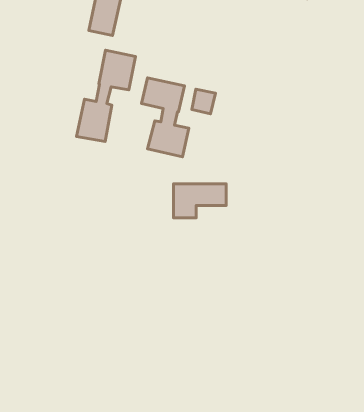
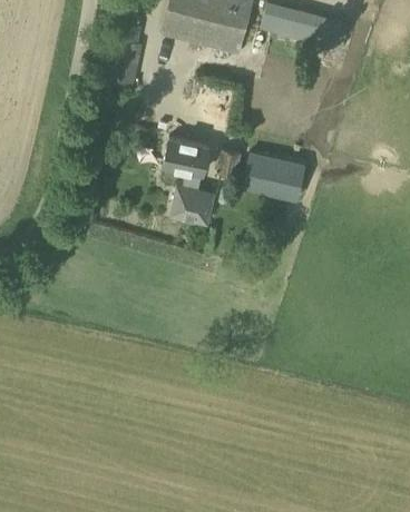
building: [77,50,135,141] -> none
building: [174,184,226,218] -> [250,157,306,194]

